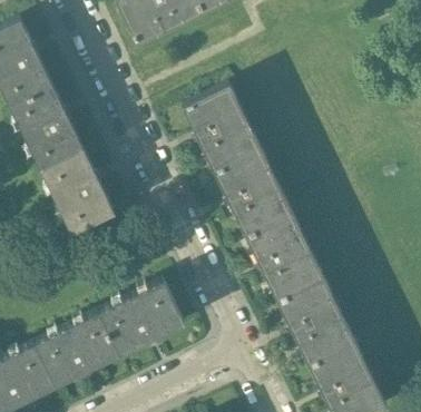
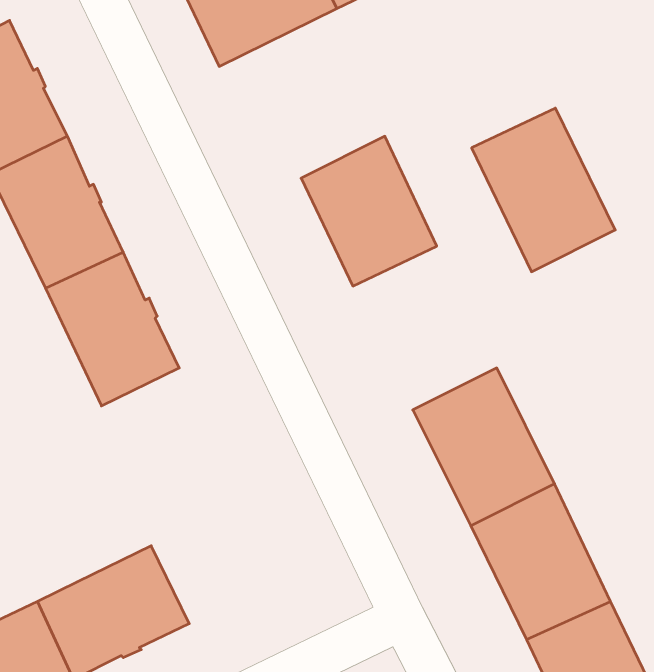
building: [212,144,292,235] -> [472,108,615,272]
building: [99,279,184,354] -> none

